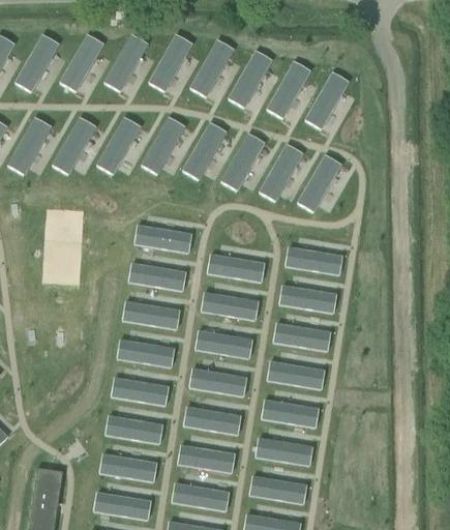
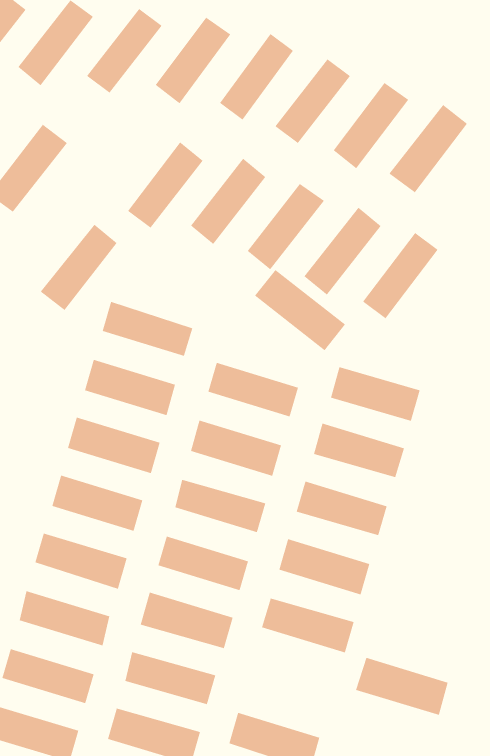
building: [96,116,142,174] -> [40,224,117,311]
building: none -> [254,269,346,351]
building: [254,437,313,468] -> [355,657,449,716]

